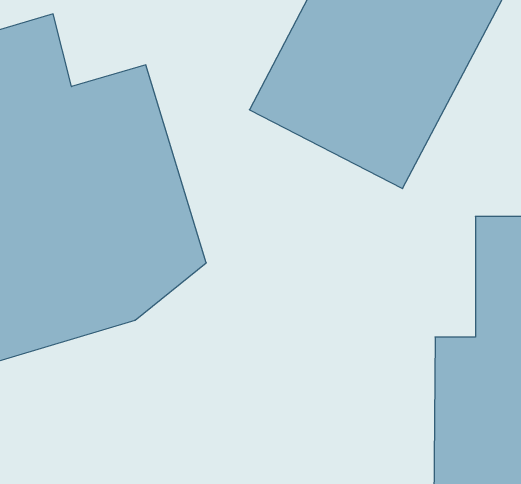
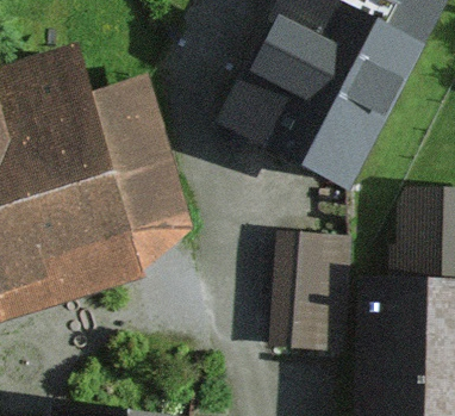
building: none -> [276,240,338,348]

